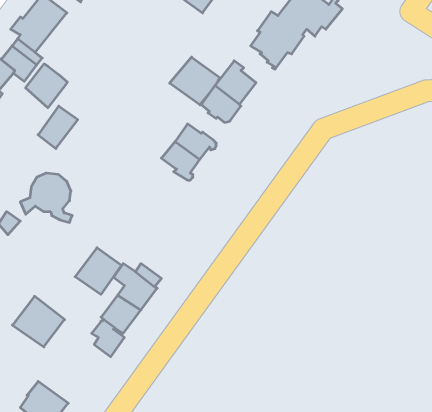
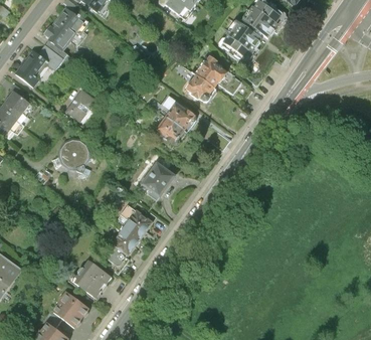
building: [170,57,220,105] -> none
building: [26,64,67,108] -> none
building: [75,248,122,294] -> [139,161,173,195]
building: [12,296,65,347] -> [72,262,111,299]

